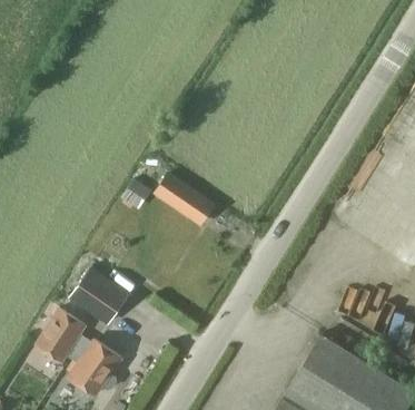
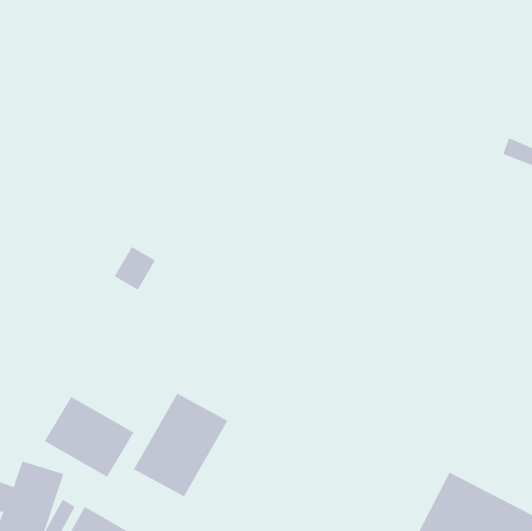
building: [158,176,215,226] -> none
building: none -> [133,393,228,497]

